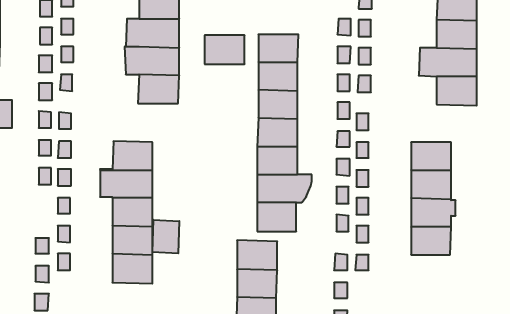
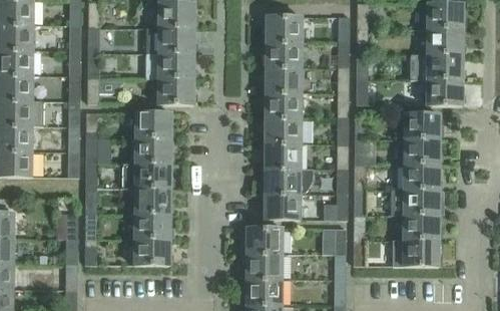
building: [205,35,245,64] -> [266,15,302,41]
building: none -> [135,112,171,138]
building: none -> [403,112,439,138]
building: [152,220,179,253] -> none
building: none -> [393,240,438,266]

